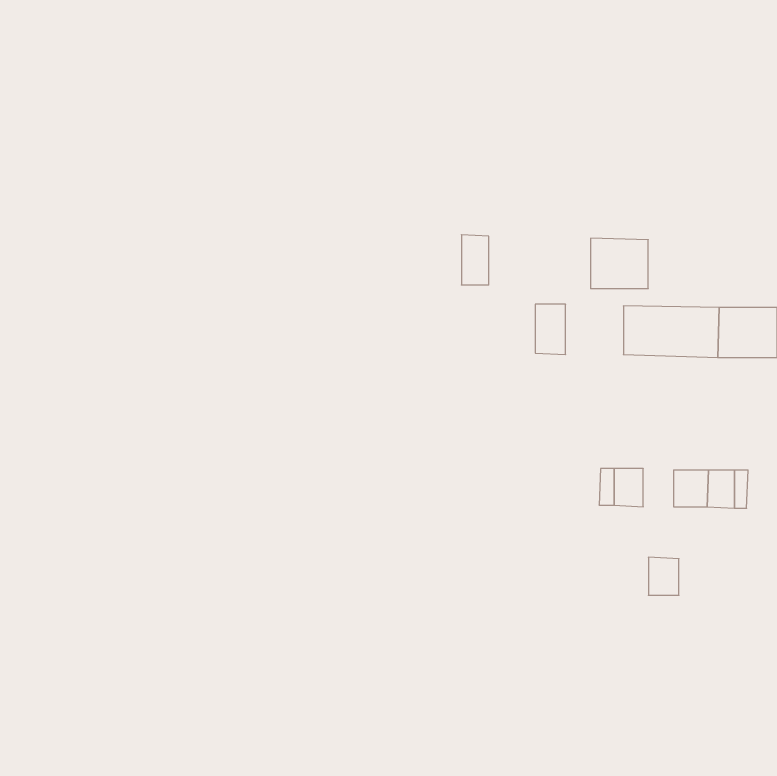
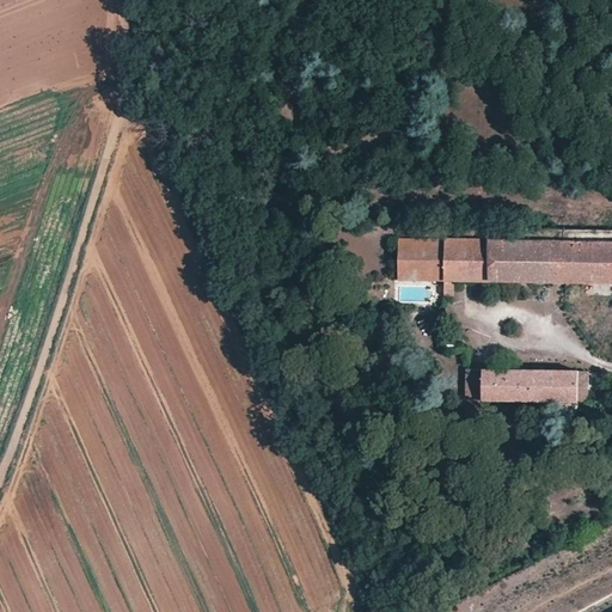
building: [461,235,489,285] -> [399,239,421,279]
building: [591,238,648,289] -> [445,240,490,280]
building: [648,557,679,595] -> [506,369,530,399]

